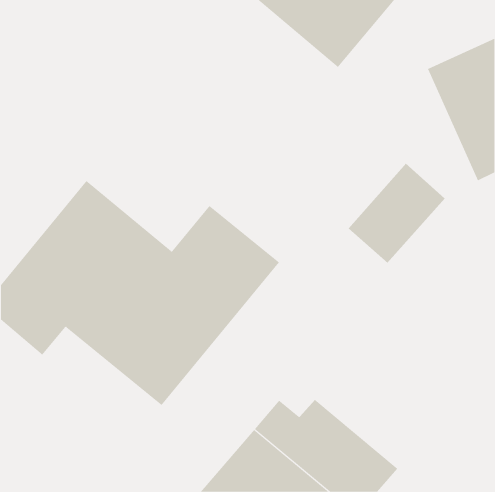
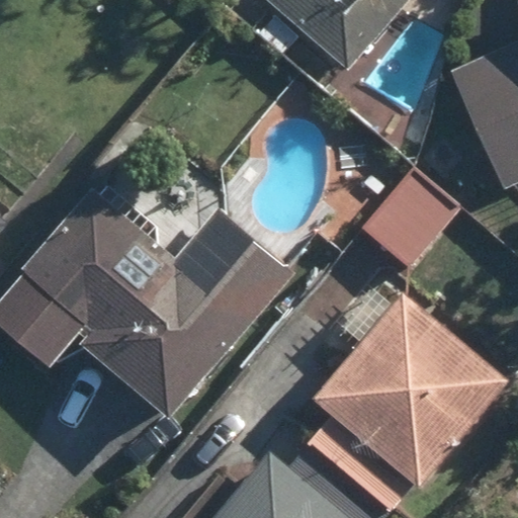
building: none -> [312,294,507,490]

